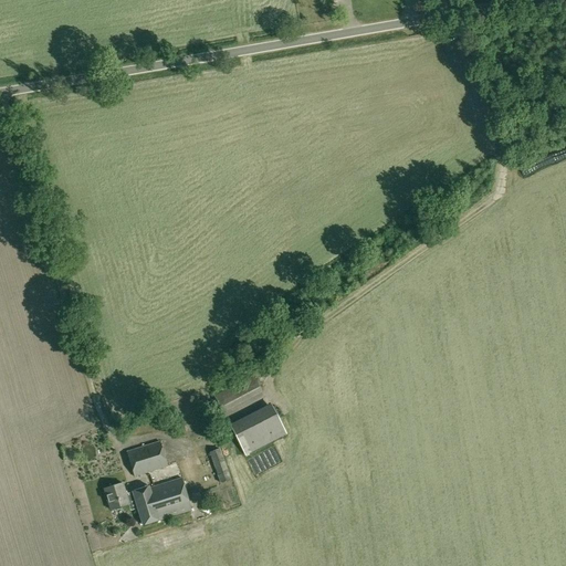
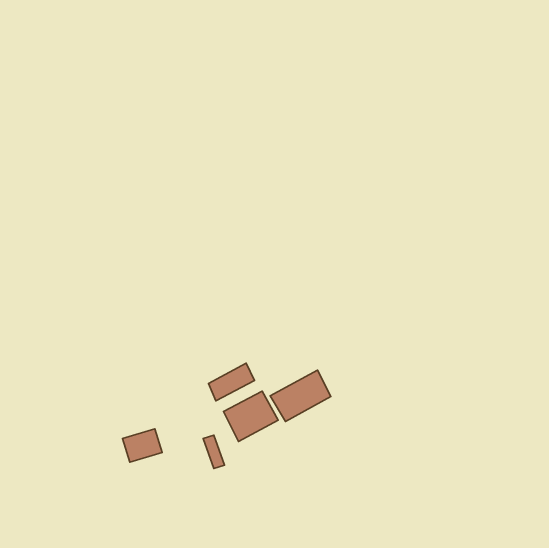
building: none -> [270,370,331,421]
building: [104,478,191,524] -> none

